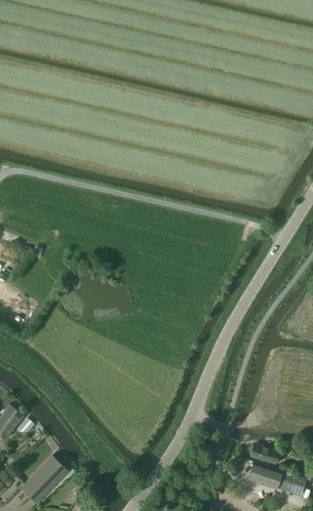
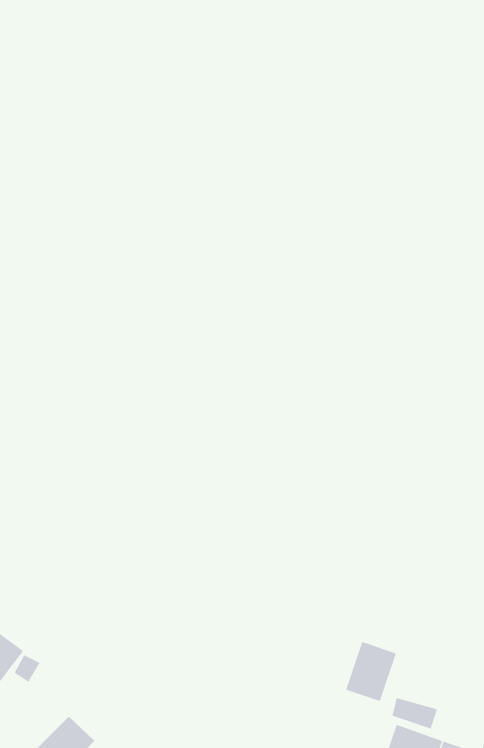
building: none -> [346,642,396,702]

